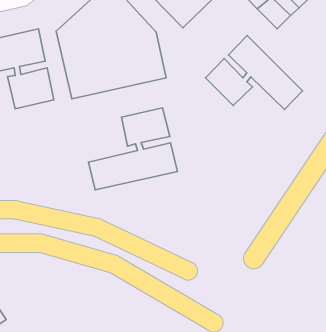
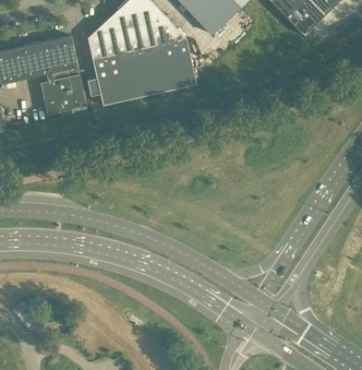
building: [206,36,302,109] -> none
building: [88,108,178,190] -> none

